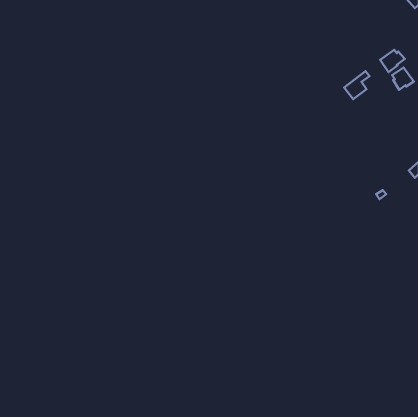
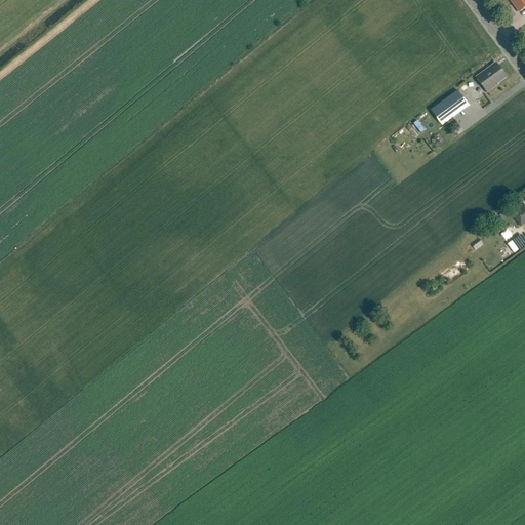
building: [392,67,414,90] -> none

